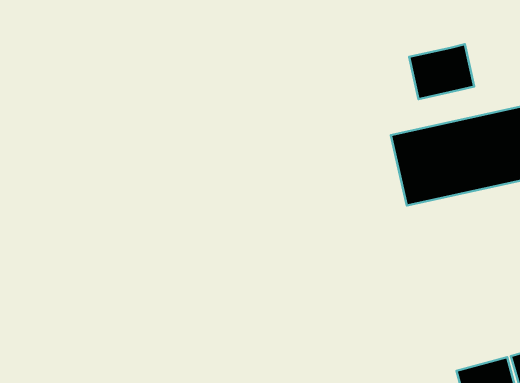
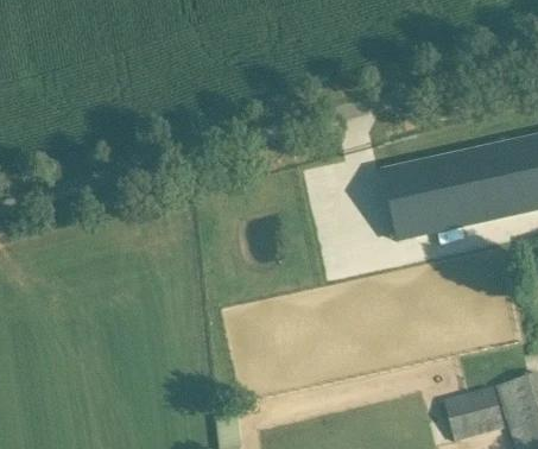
building: [409,44,474,99] -> none

